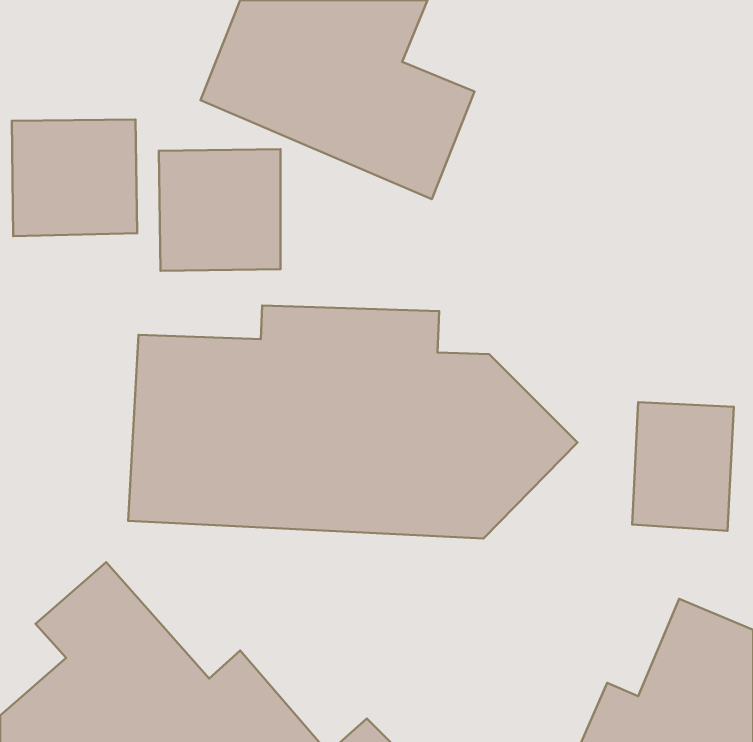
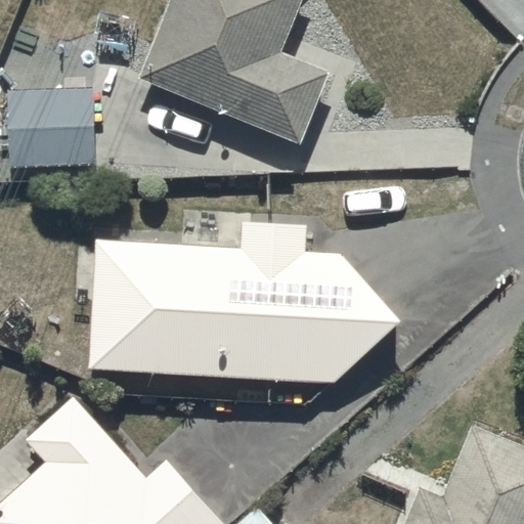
building: [159,149,281,271] -> none
building: [632,402,734,531] -> none

